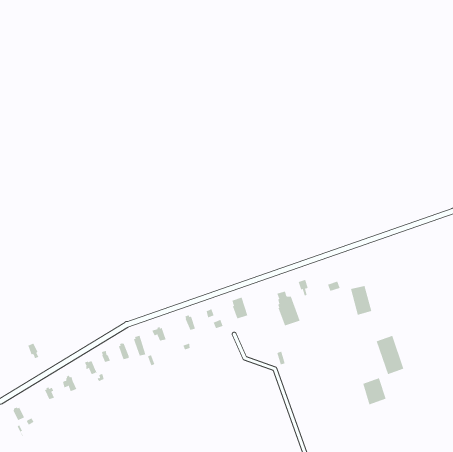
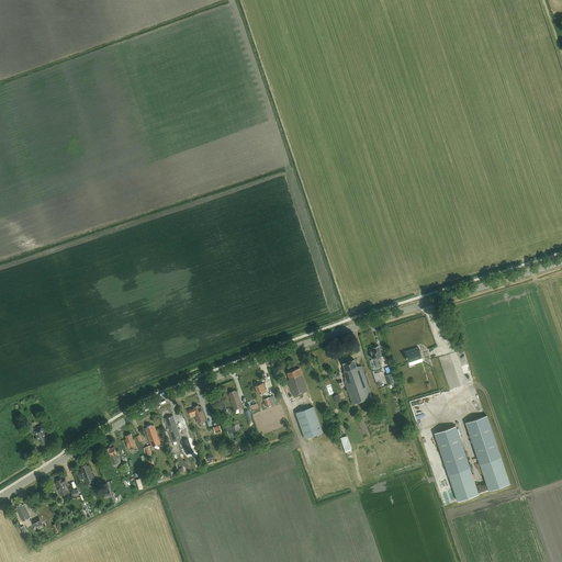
building: none -> [295,407,323,439]
building: none -> [435,427,470,476]
building: none -> [480,458,509,492]

